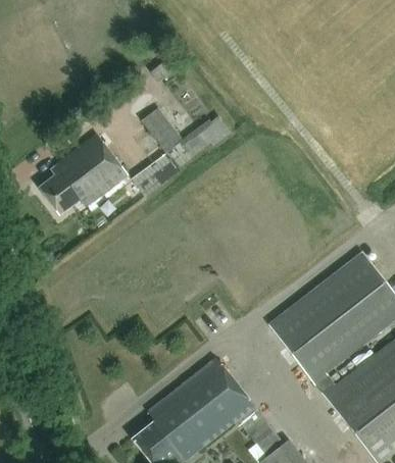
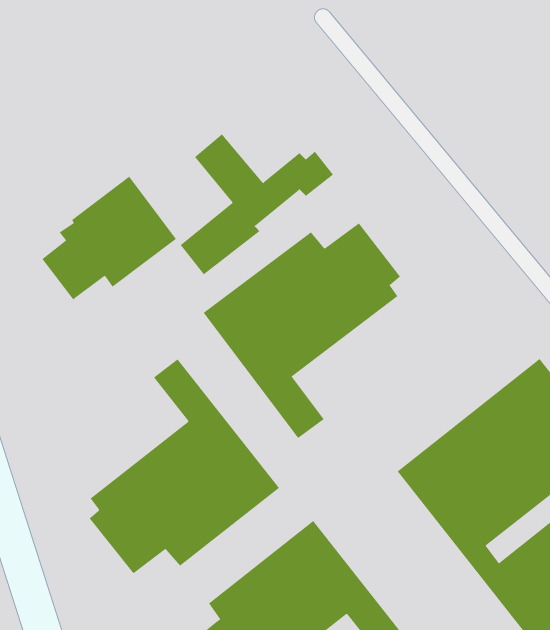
building: none -> [203,222,401,439]
building: none -> [89,359,280,574]

